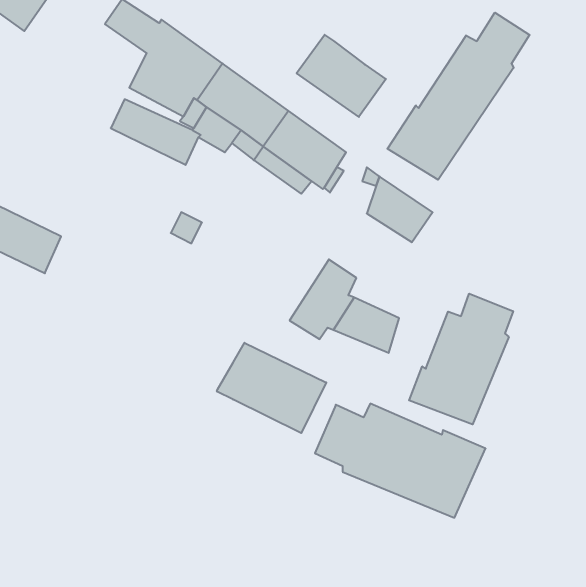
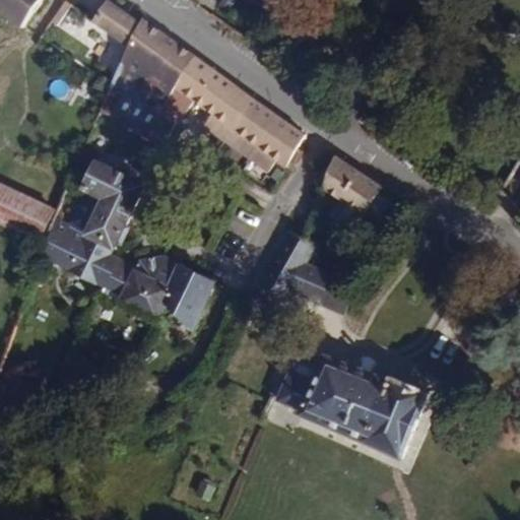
building: [387,13,530,180] -> none
building: [297,35,386,117] -> none
building: none -> [42,161,214,334]
building: [409,294,513,424] -> none
building: [217,343,326,433] -> none

